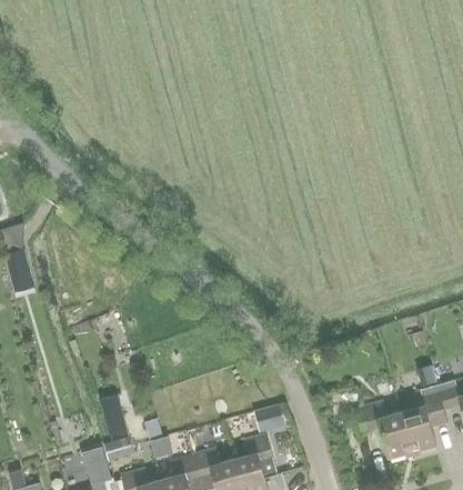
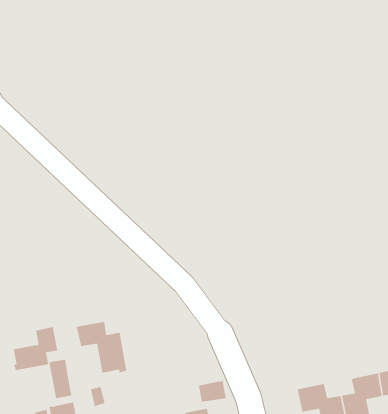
building: none -> [76,321,127,373]
building: none -> [13,326,58,371]

